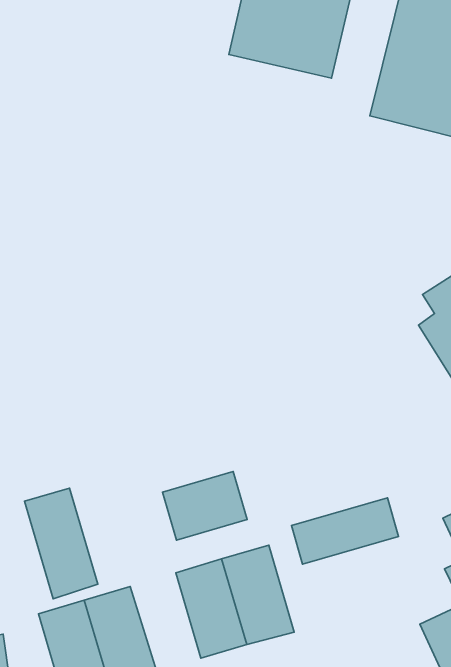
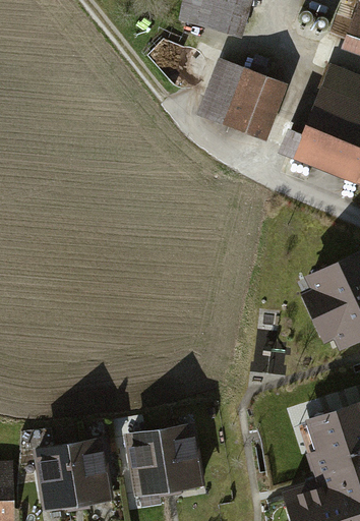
building: [163,472,247,540] -> none
building: [24,488,98,599] -> none
building: [292,498,398,564] -> none

